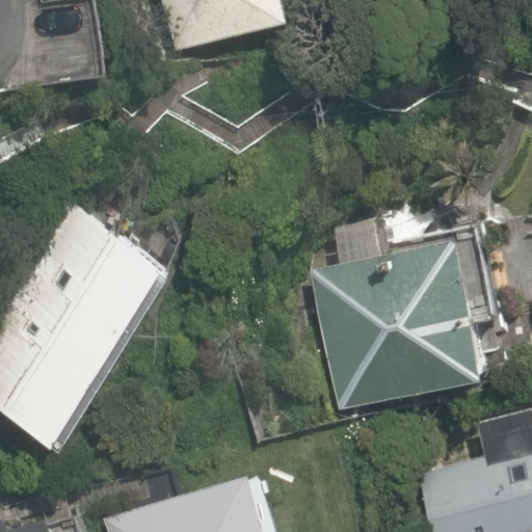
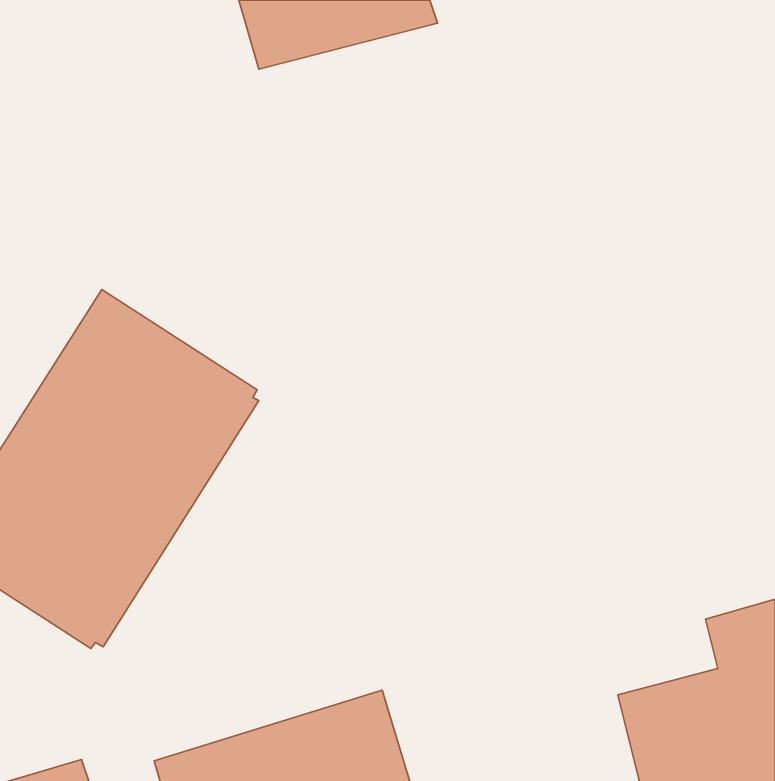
building: [310,237,491,408] -> none

